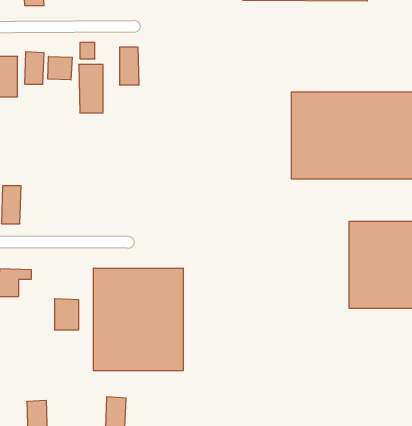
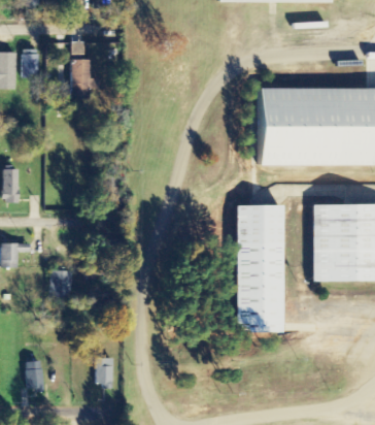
building: [120,47,139,85] -> none
building: [48,56,72,80] -> none
building: none -> [237,202,283,331]
building: [94,268,183,371] -> none

